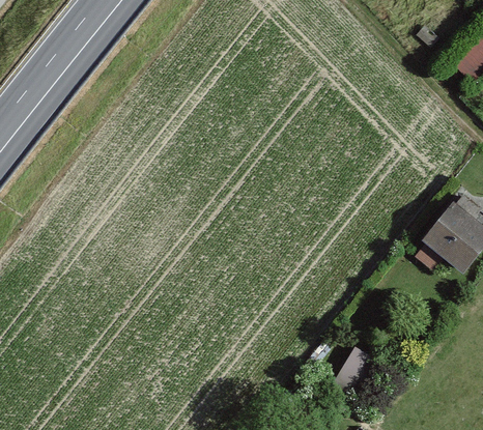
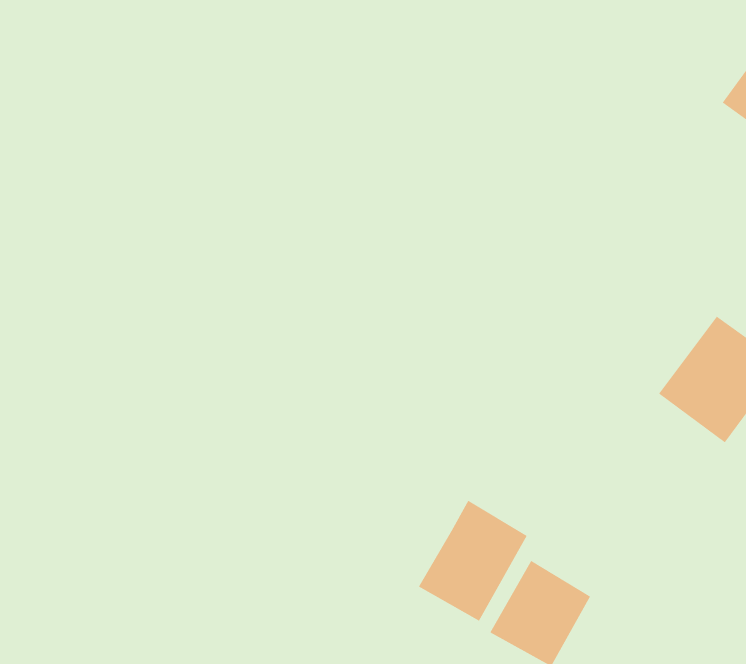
building: none -> [418,500,528,622]

